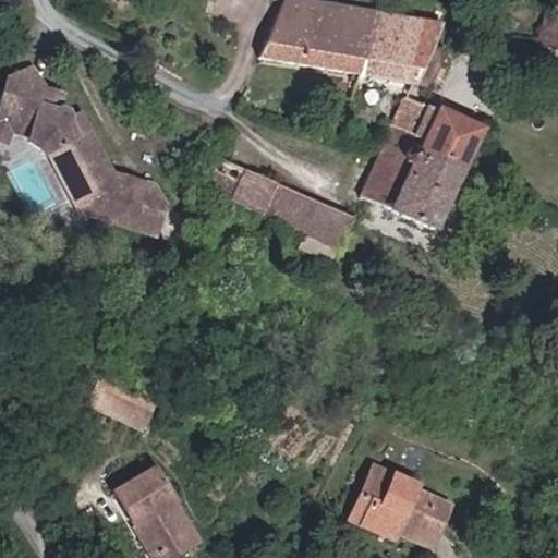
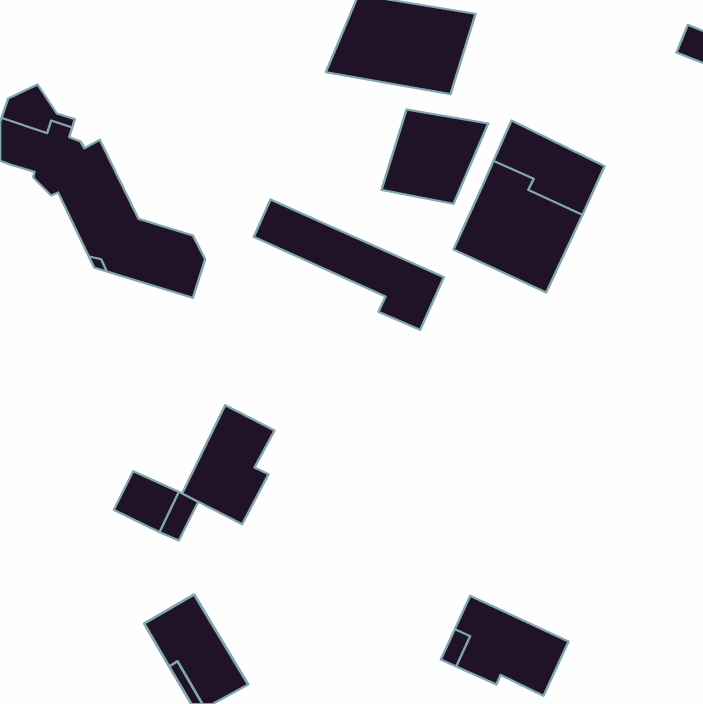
building: [359,11,442,85] -> [381,110,488,204]
building: none -> [182,405,274,524]

